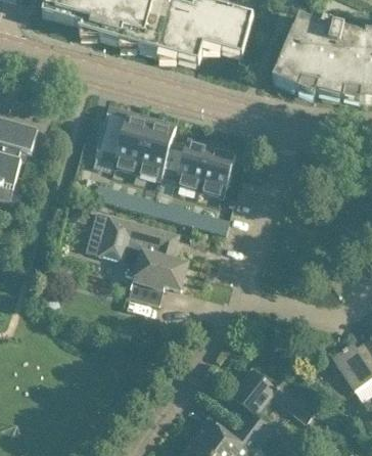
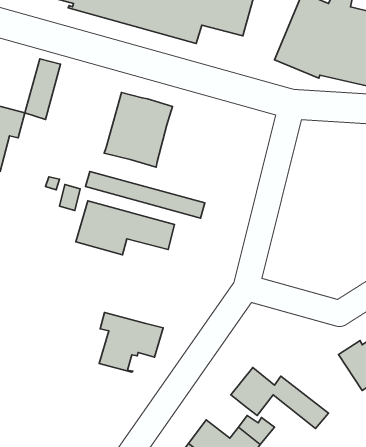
building: [94,105,128,163] -> [25,59,61,119]
building: [161,139,235,198] -> none
building: [128,248,188,305] -> [99,313,163,372]

